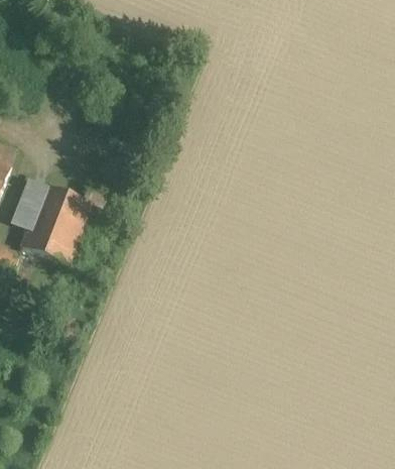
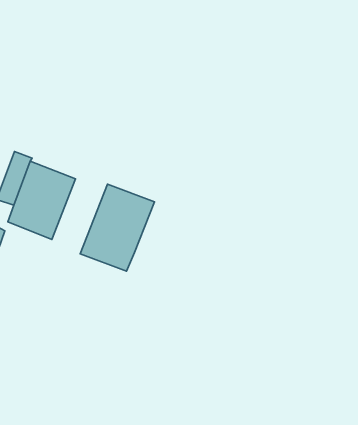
building: none -> [80,184,154,271]

